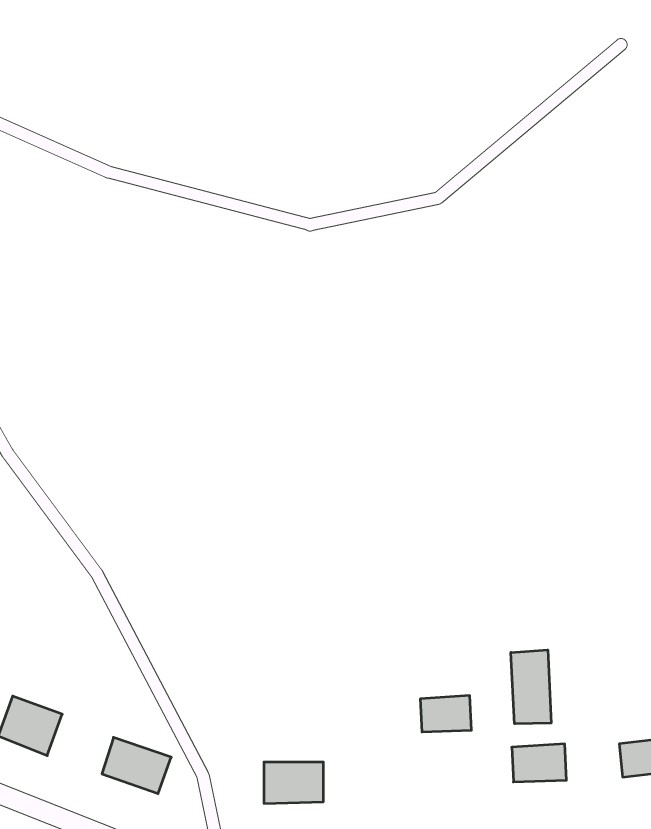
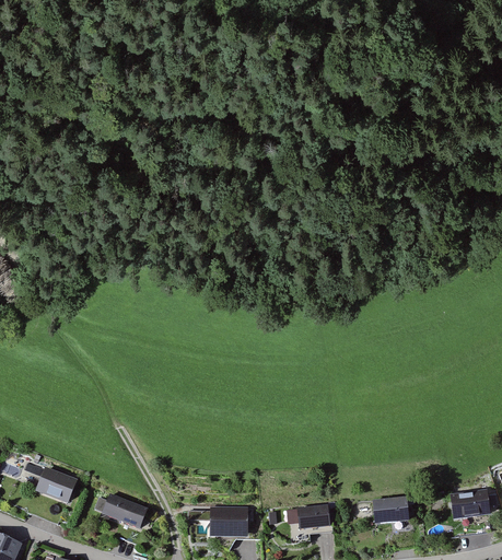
building: [511,650,551,724] -> none
building: [420,696,471,732] -> [296,503,330,527]

